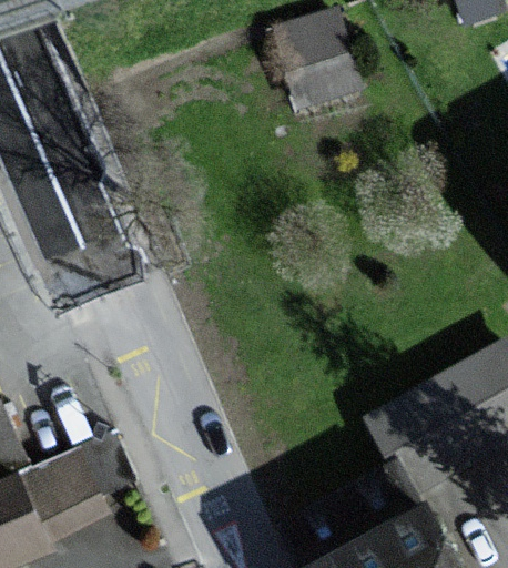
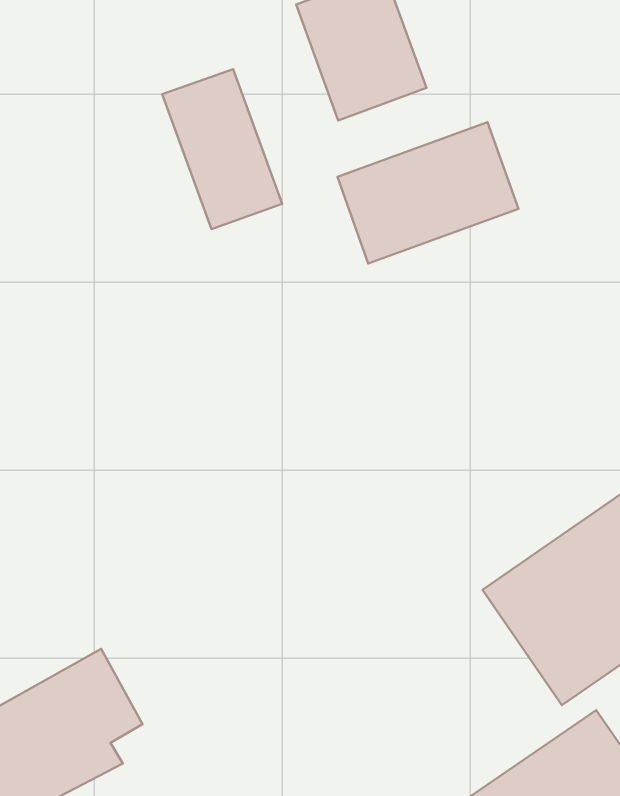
building: none -> [162,69,282,229]
building: none -> [337,122,518,263]

